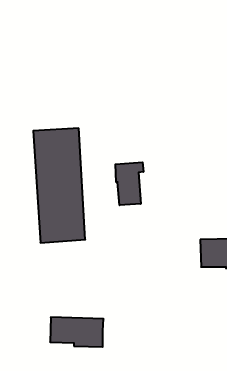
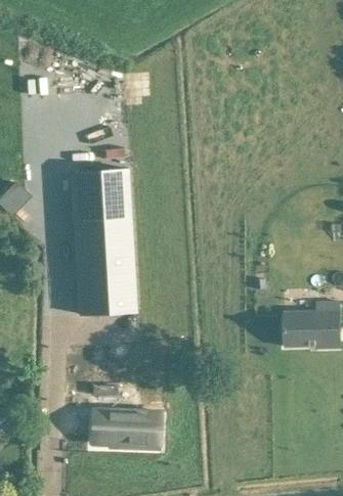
building: [115,162,143,205] -> none

